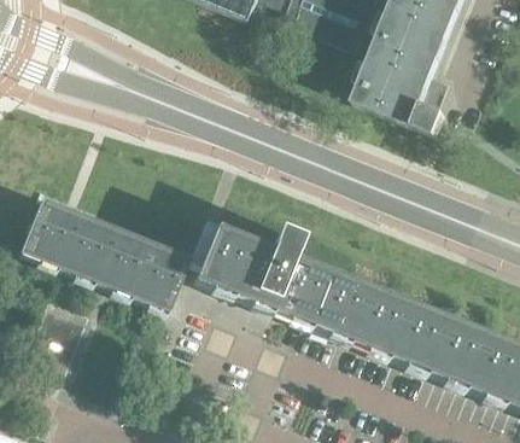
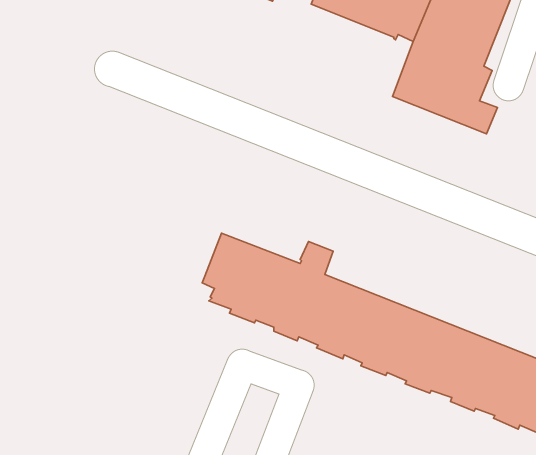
building: [14,188,186,307] -> none

